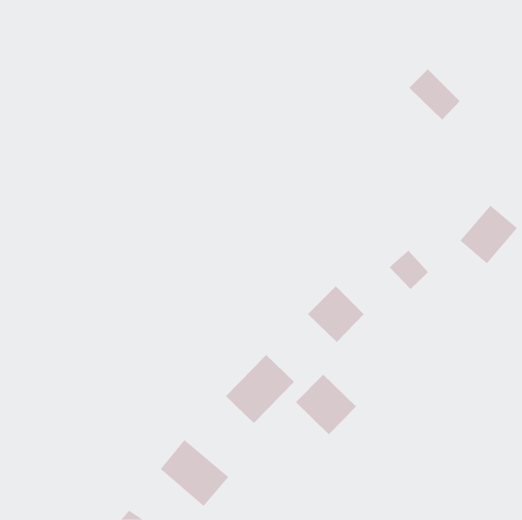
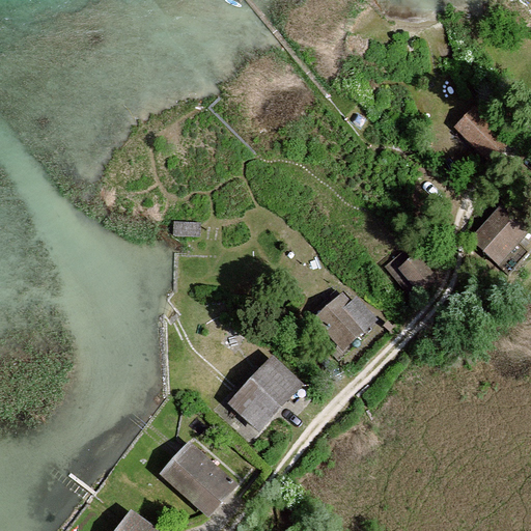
building: [408,68,461,121] -> [455,107,508,160]
building: [295,374,357,435] -> none

